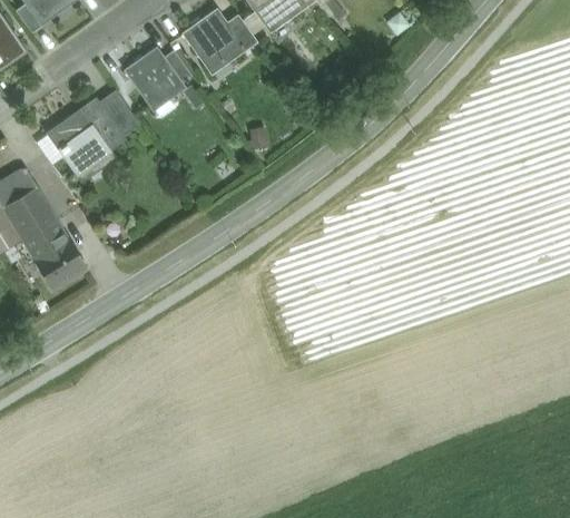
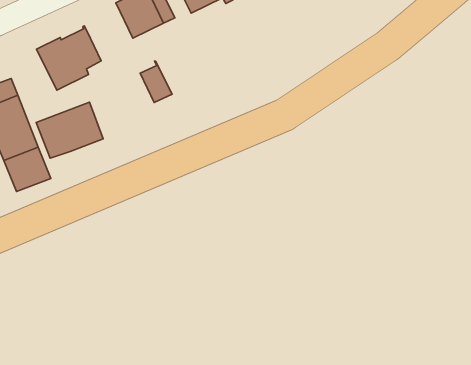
building: [99,89,137,134] -> [140,61,172,103]
building: none -> [36,102,103,158]

